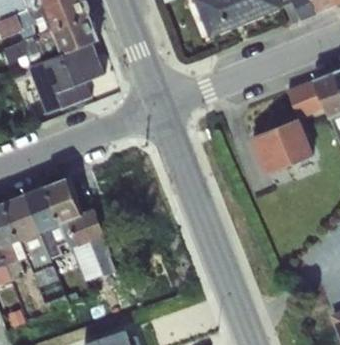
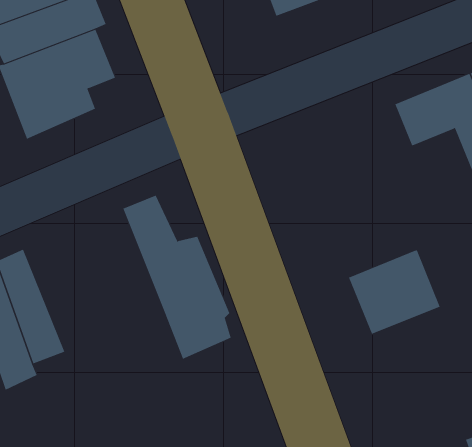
building: [252,120,312,175] -> [348,250,441,335]
building: [44,178,115,285] -> [122,195,232,359]

